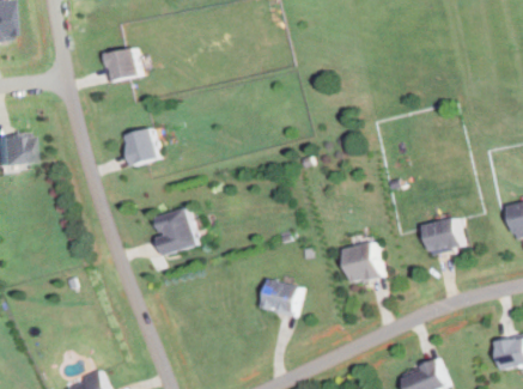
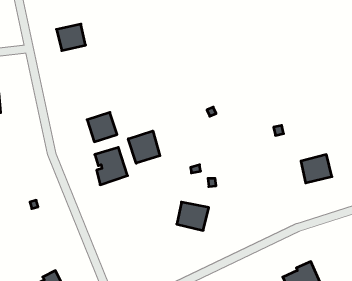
building: [121,128,160,166] -> [87,112,117,142]
building: none -> [128,131,160,163]
building: [340,239,383,281] -> none

